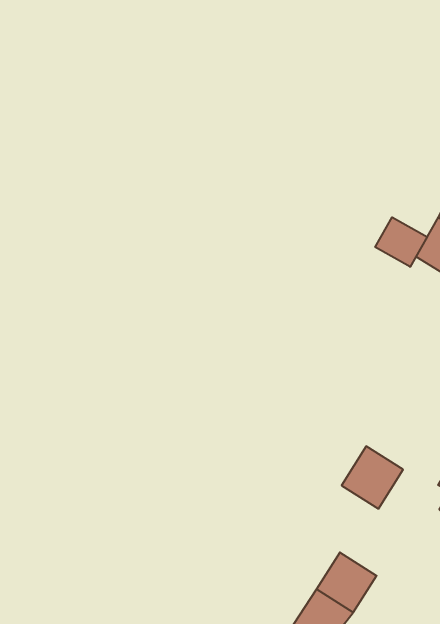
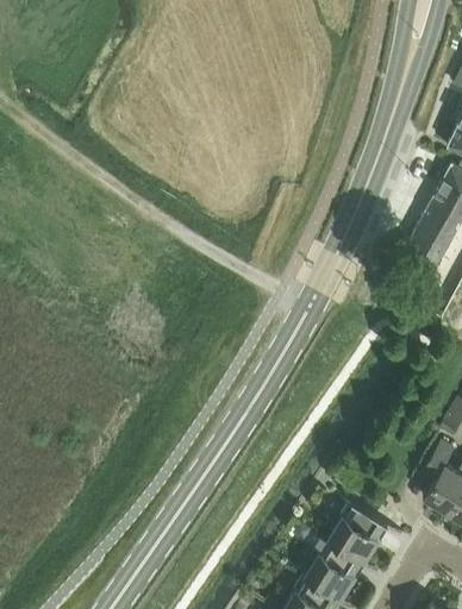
building: [375,217,427,267] -> none
building: [342,446,403,509] -> [331,497,391,558]

